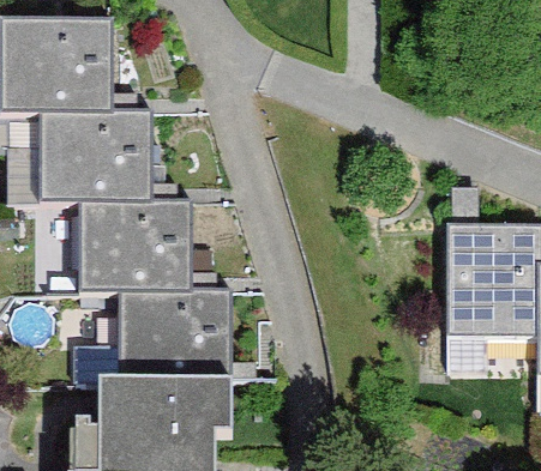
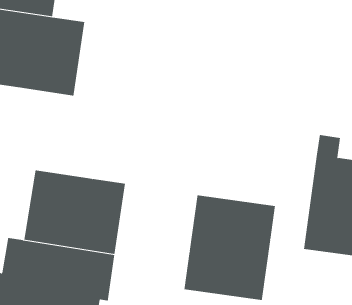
building: [85,200,187,296] -> none
building: none -> [184,195,276,301]

